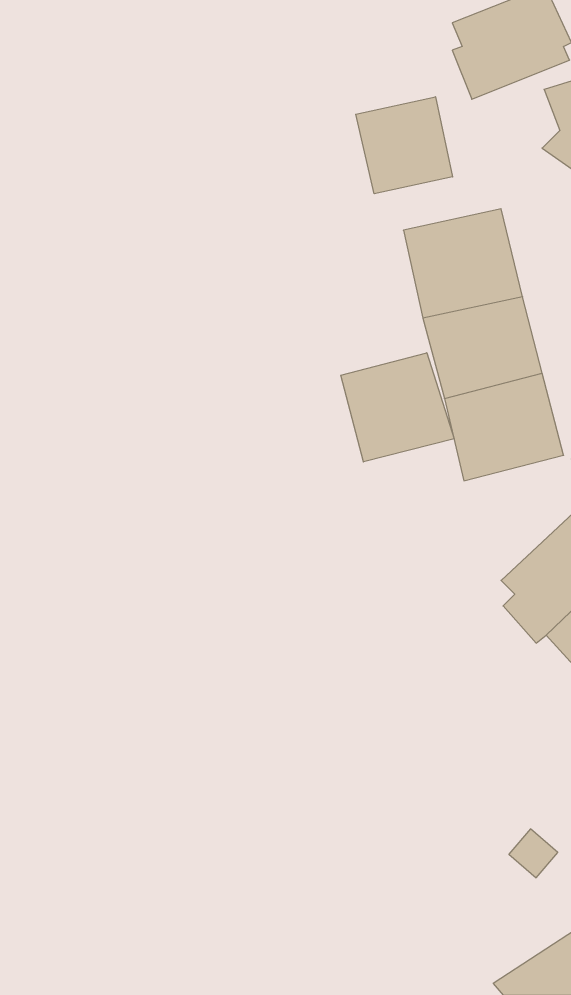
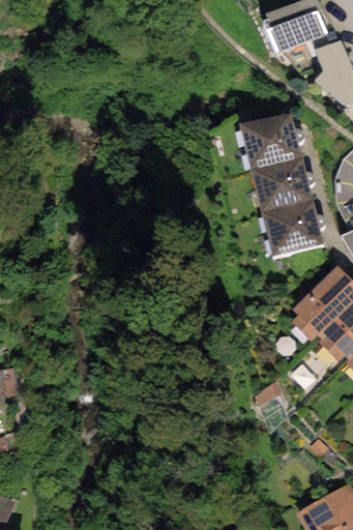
building: [356,97,453,194] -> none
building: [341,353,454,462] -> none

